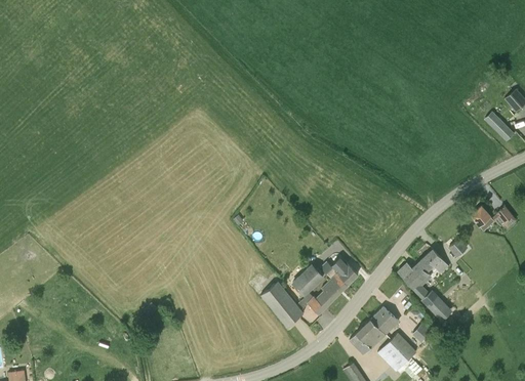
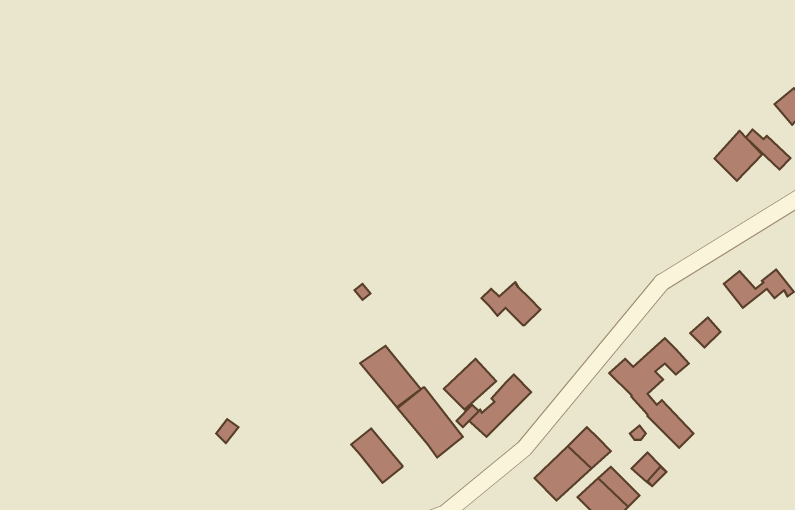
building: none -> [714,131,762,181]
building: none -> [360,346,421,407]
building: [320,257,358,285] -> [482,282,540,325]
building: none -> [351,428,403,483]

